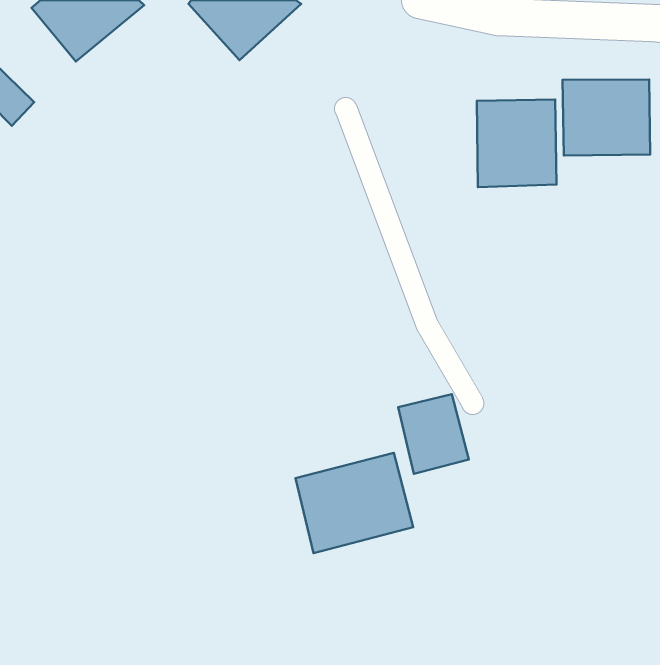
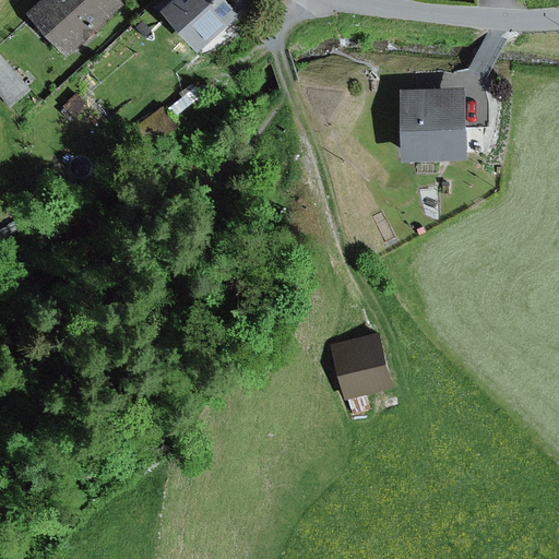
building: [563,80,650,156] -> none
building: [296,453,413,553] -> none

